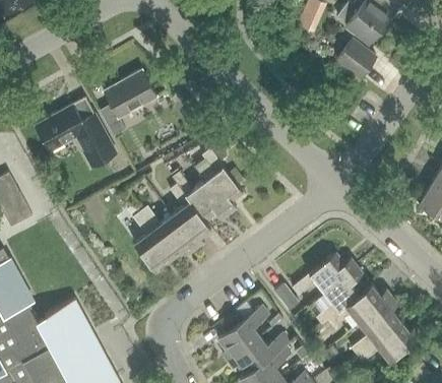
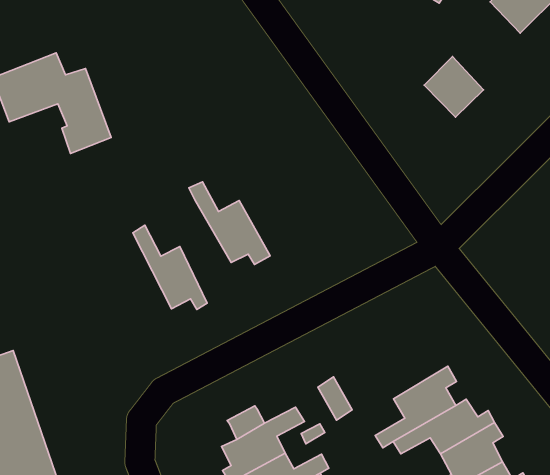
building: [337,40,376,78] -> [424,56,484,117]
building: [101,71,157,137] -> none
building: [202,149,243,213] -> none
building: [170,185,211,250] -> none
building: [133,212,173,277] -> none
building: [293,254,356,297] -> none

